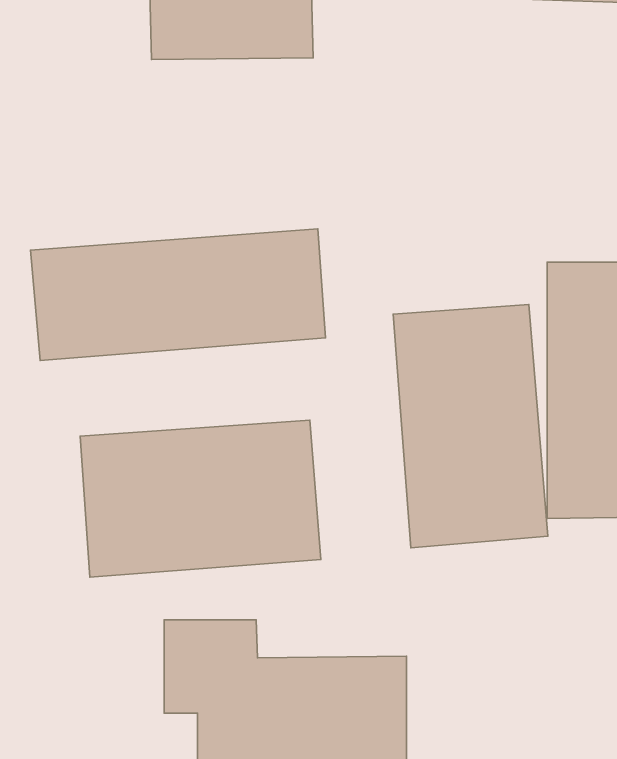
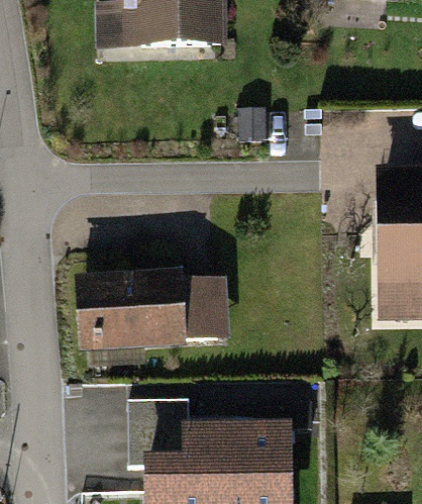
building: [31,229,325,360] -> none
building: [393,305,548,548] -> none

